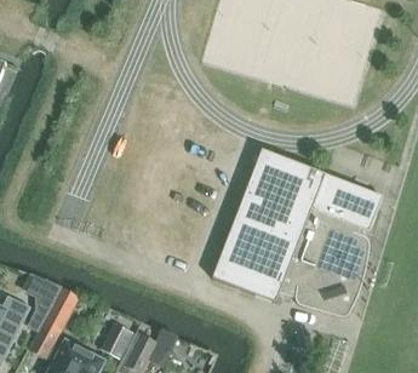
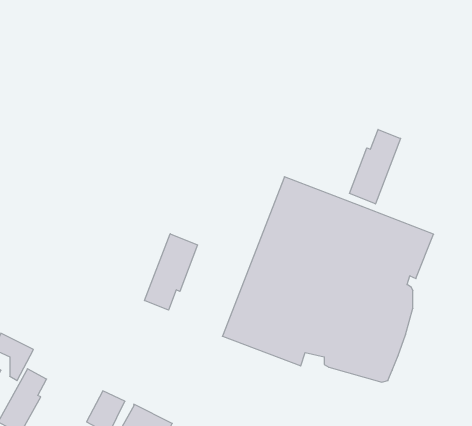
building: none -> [350,129,401,204]
building: none -> [145,234,198,310]

